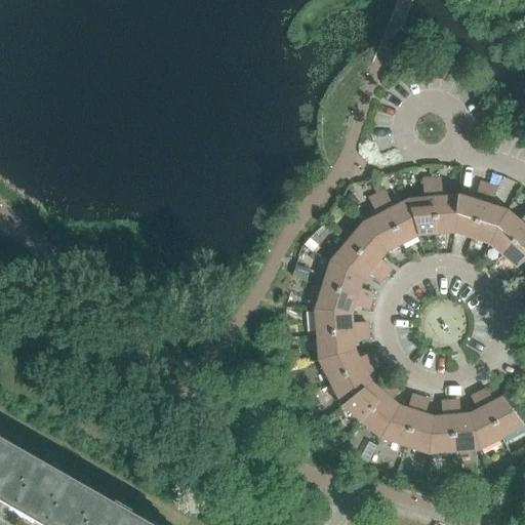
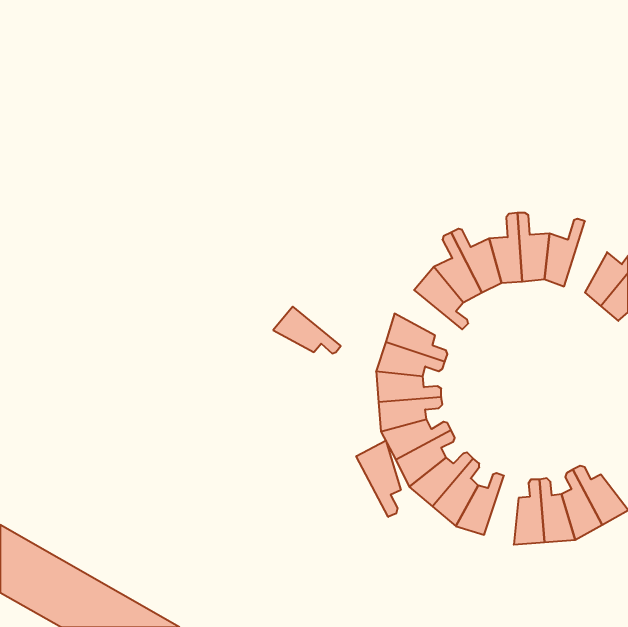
building: [471,185,507,244] -> none
building: [329,242,386,281] -> [273,307,341,353]
building: none -> [356,441,401,517]
building: [404,397,433,454] -> none

